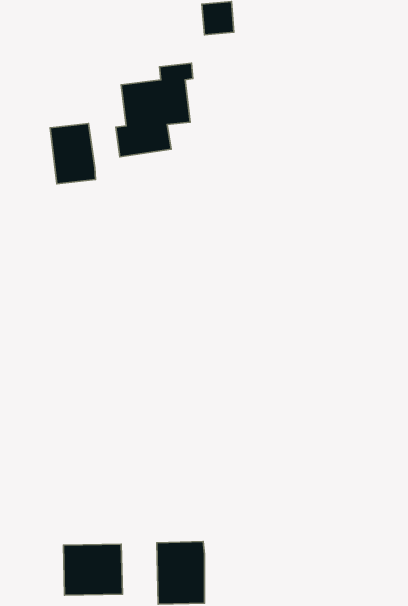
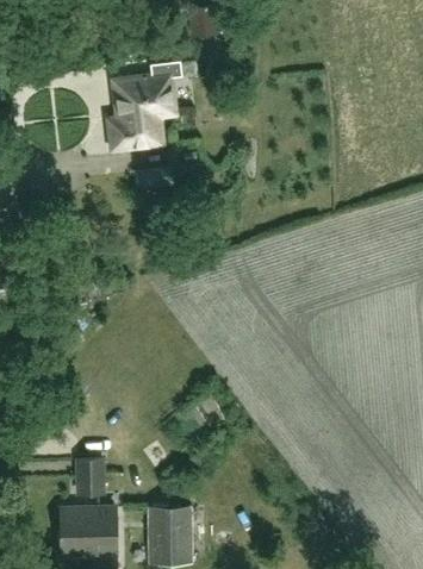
building: [50,123,95,184] -> none
building: none -> [77,459,102,494]

